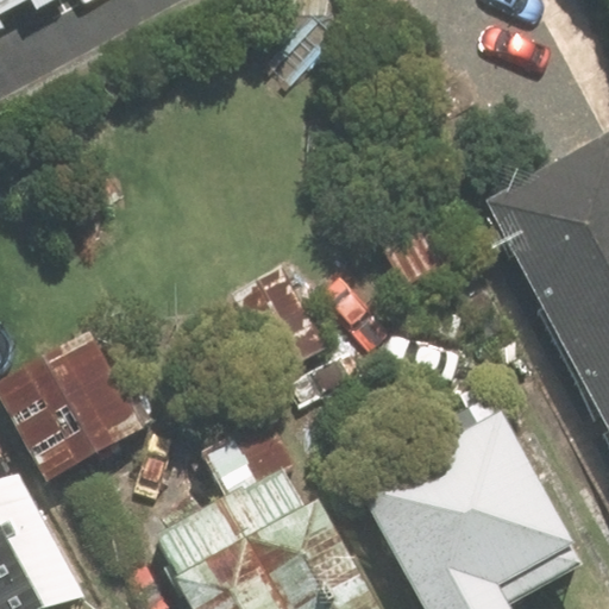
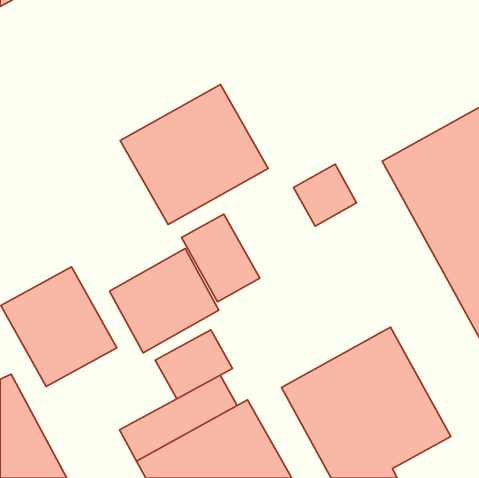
building: none -> [120,85,268,225]
building: none -> [109,249,219,353]

